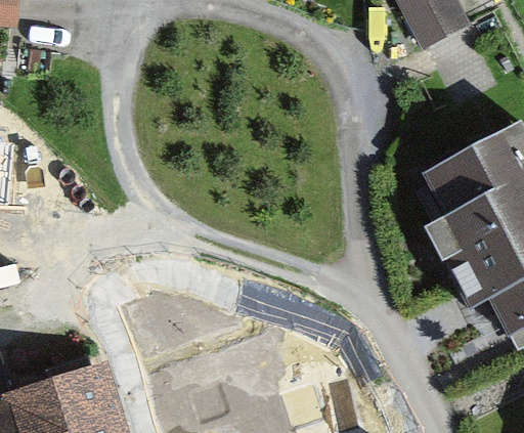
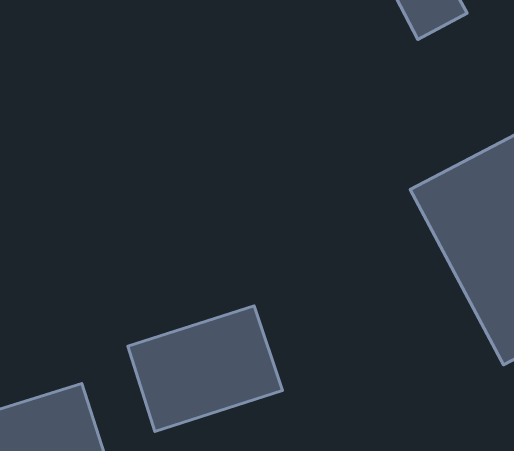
building: none -> [128,306,283,431]

